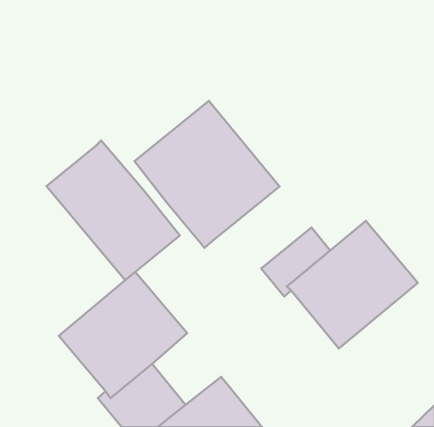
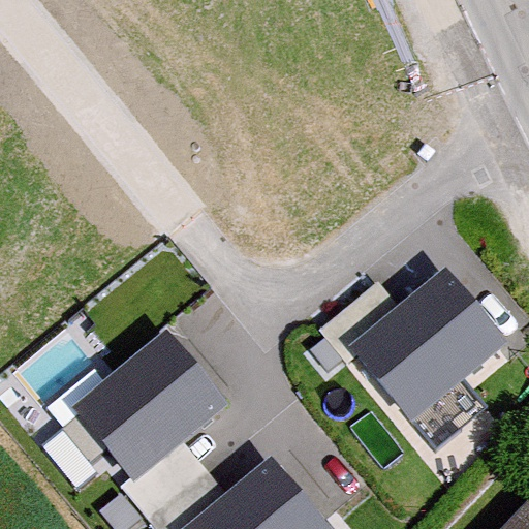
building: [134,101,279,248] -> none
building: [47,141,180,280] -> none

